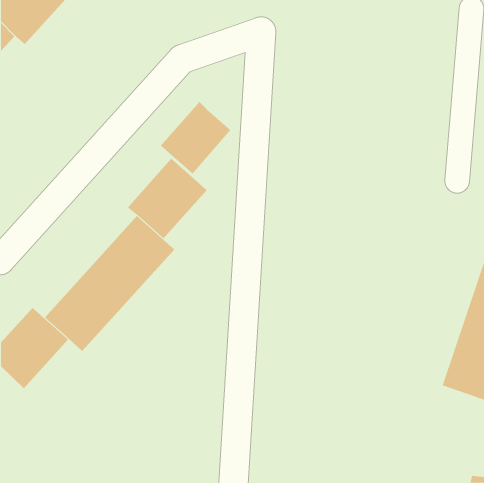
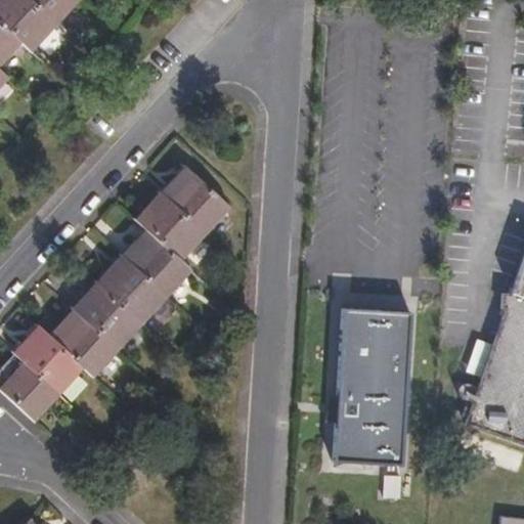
building: [160,101,231,174] -> none
building: none -> [335,303,410,462]

